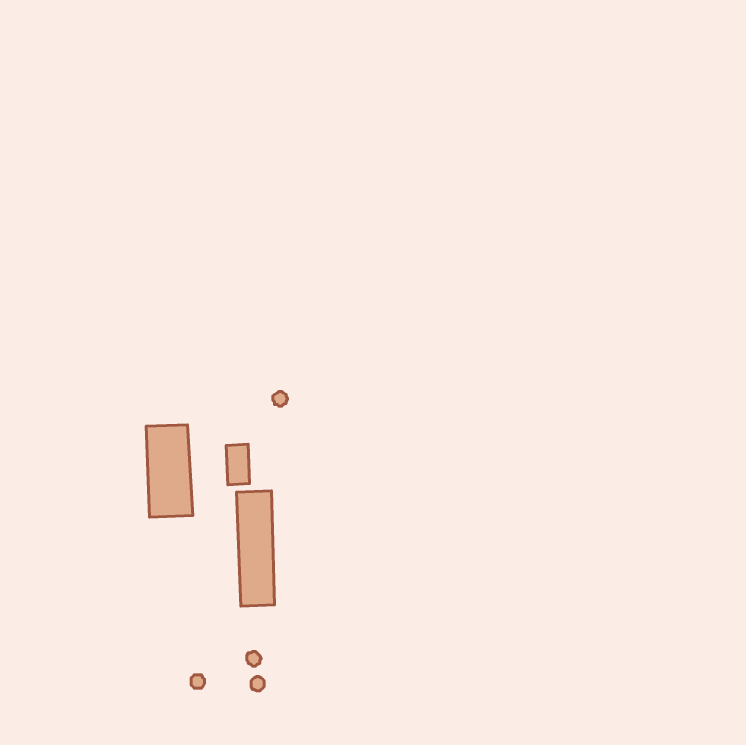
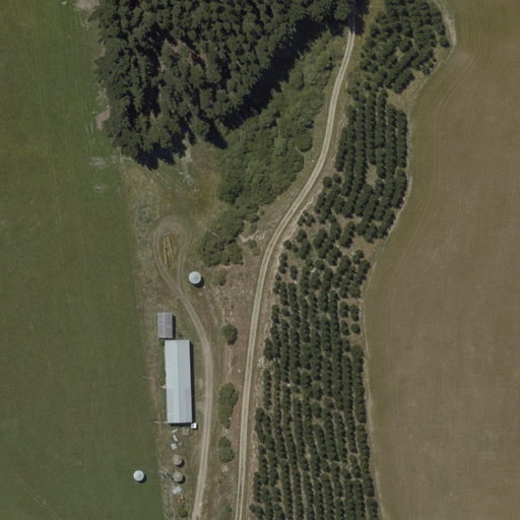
building: [146,425,193,517] -> none

